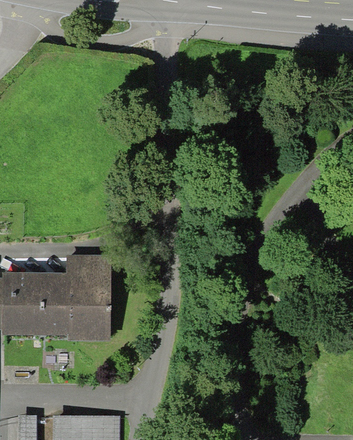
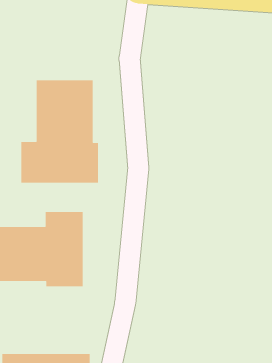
building: none -> [20,79,99,183]

